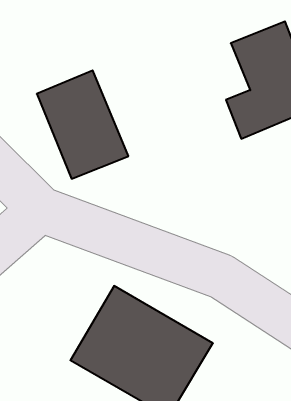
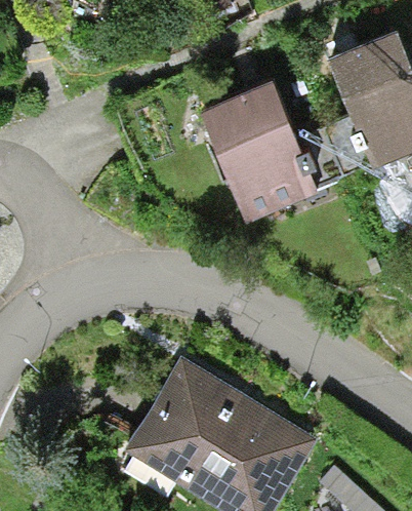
building: [37,70,128,179] -> [199,74,315,211]

